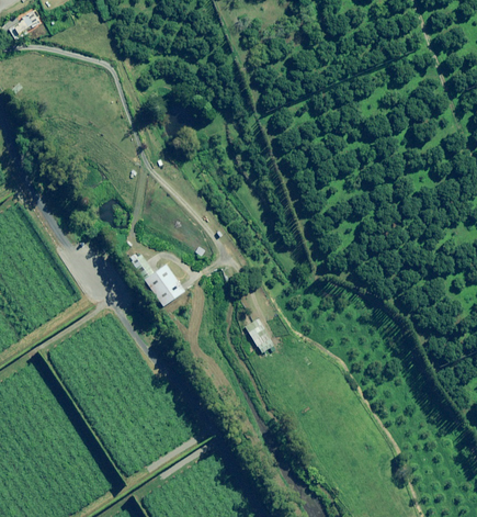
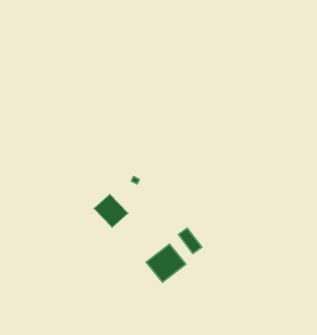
building: none -> [146,244,186,282]

